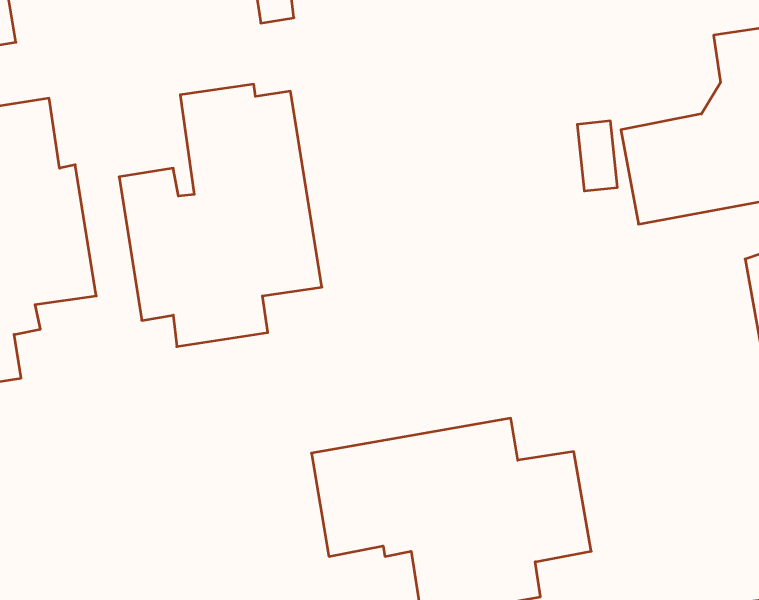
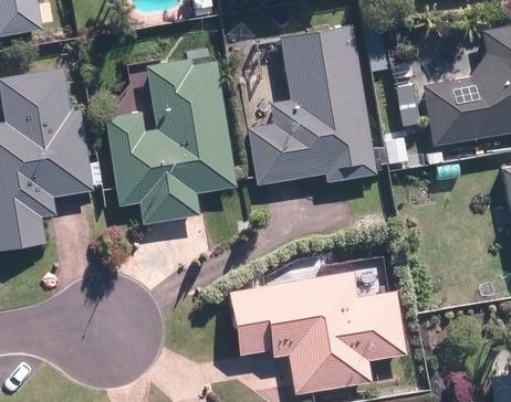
building: none -> [244,24,378,186]

